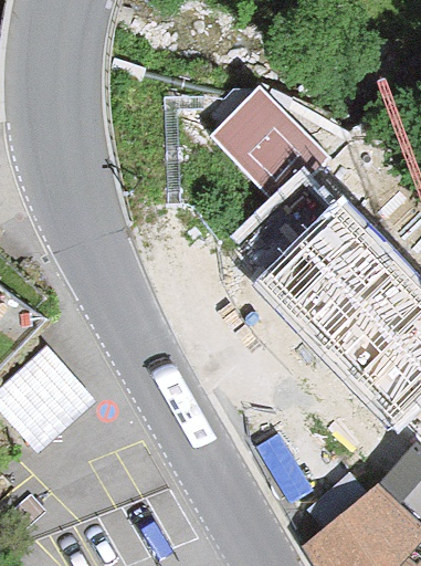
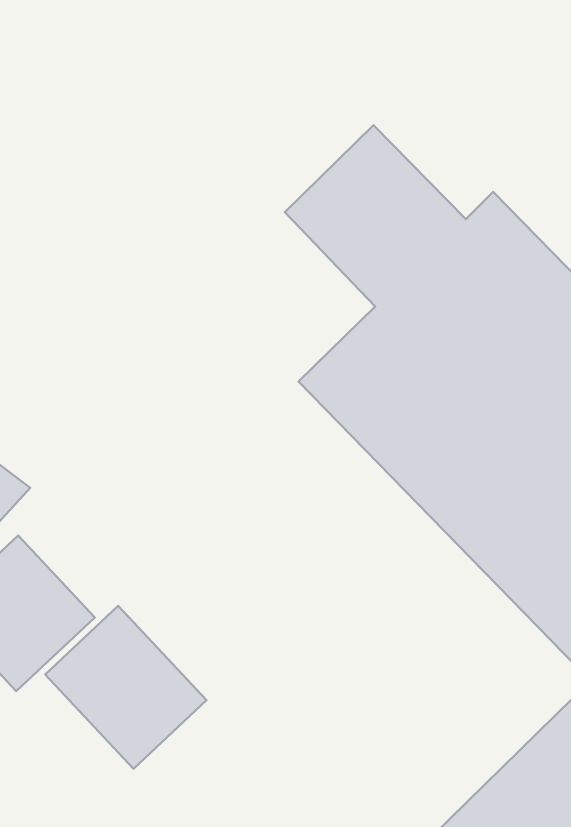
building: none -> [45,606,207,769]

